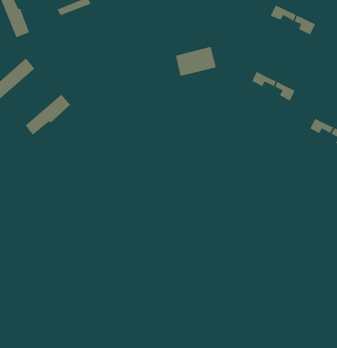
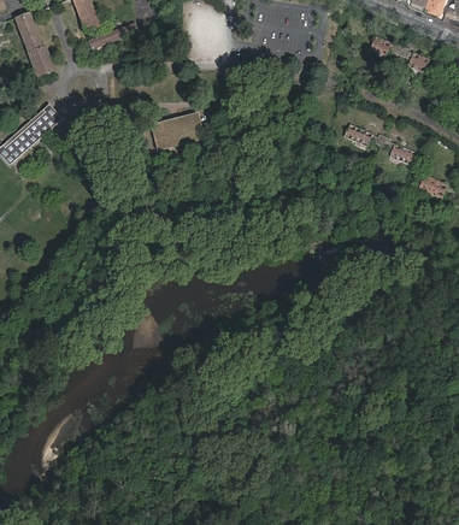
building: [175,46,217,77] -> [151,111,205,151]
building: [25,94,71,135] -> none

